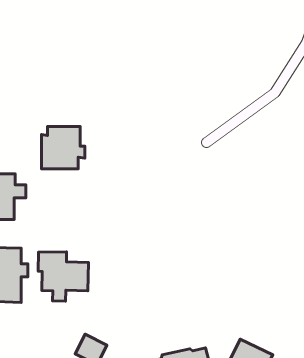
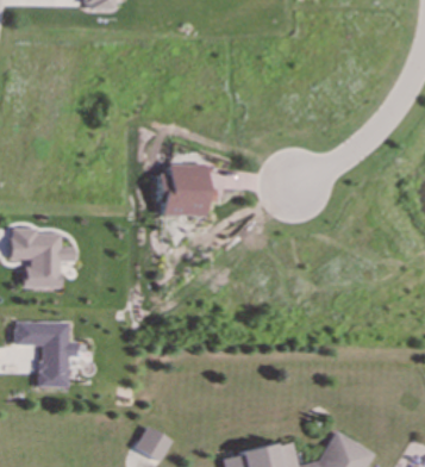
building: [42,126,85,169] -> [161,163,213,214]
building: [38,252,88,301] -> none

